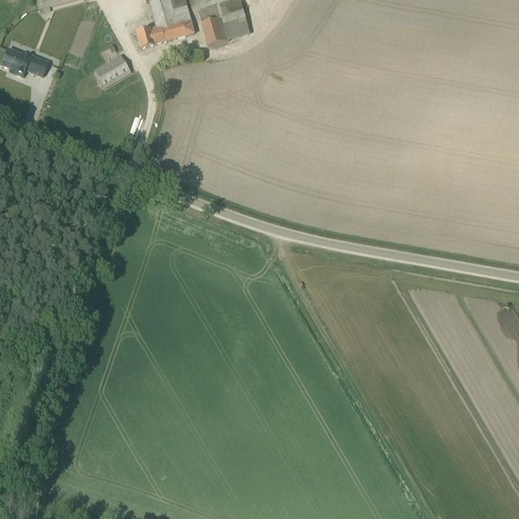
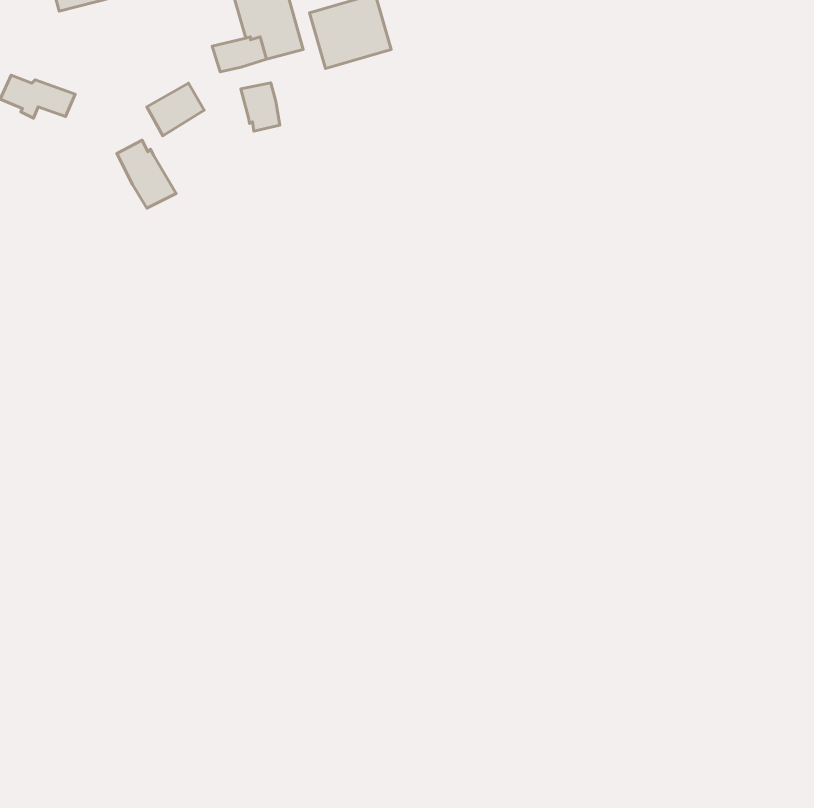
building: none -> [241,83,280,131]
building: none -> [117,140,176,208]

